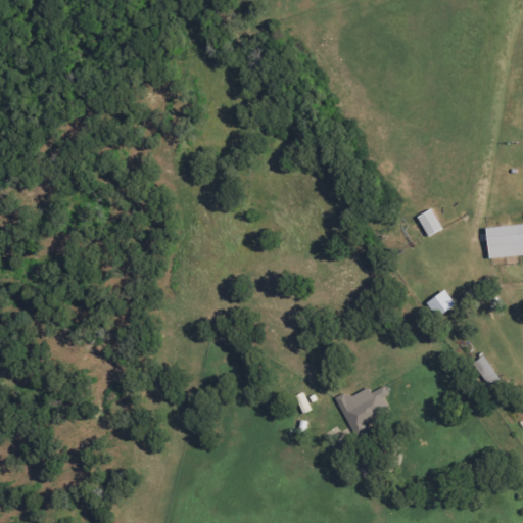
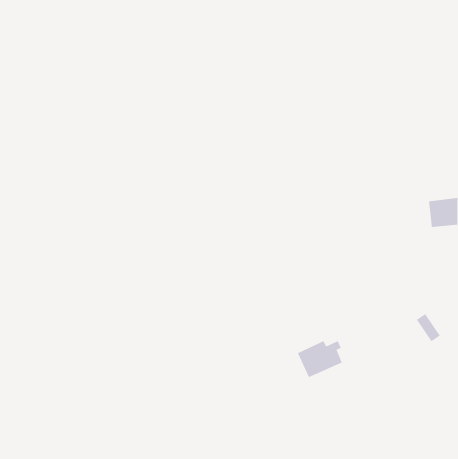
building: [417,208,442,236] -> none
building: [426,289,456,318] -> none

